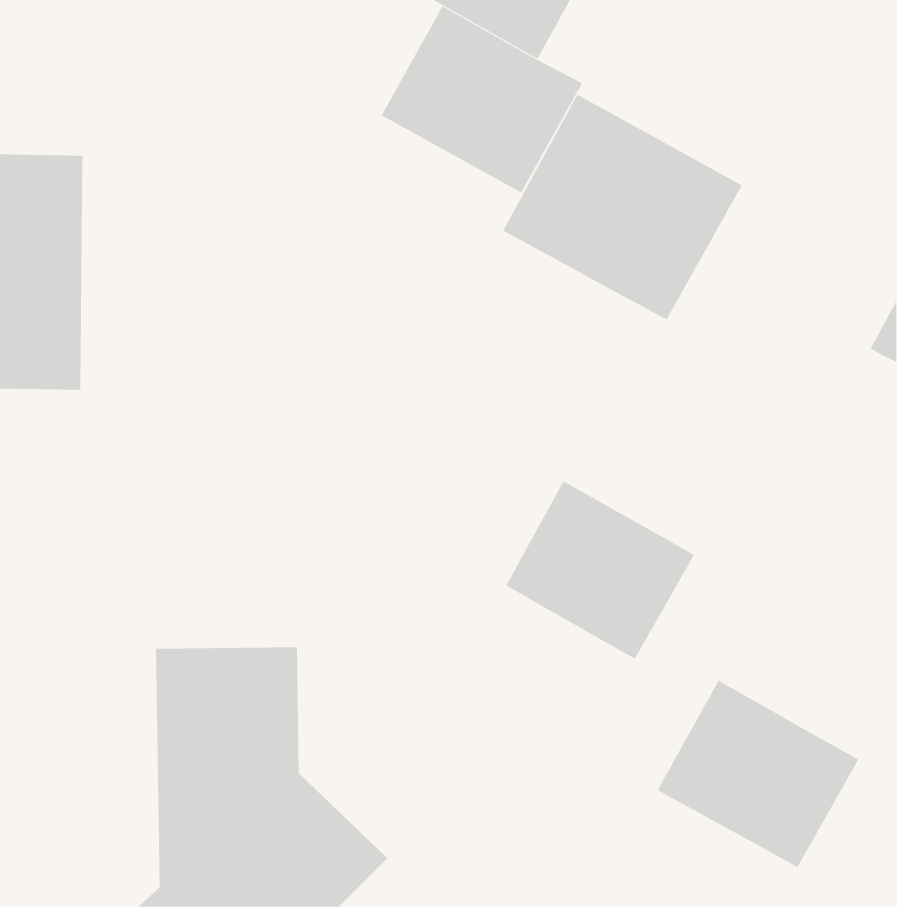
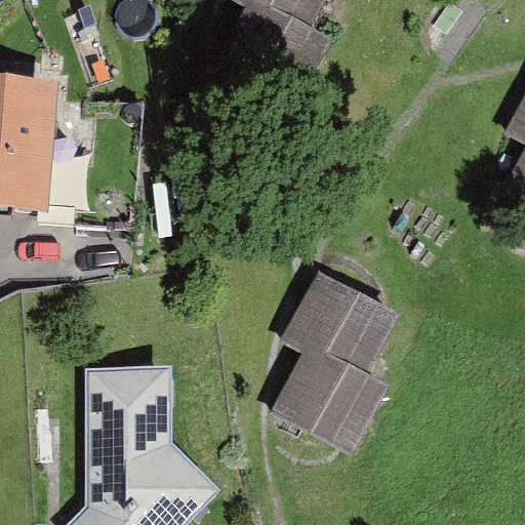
building: [503,94,743,320] -> none
building: [657,680,859,868] -> [272,344,387,450]

